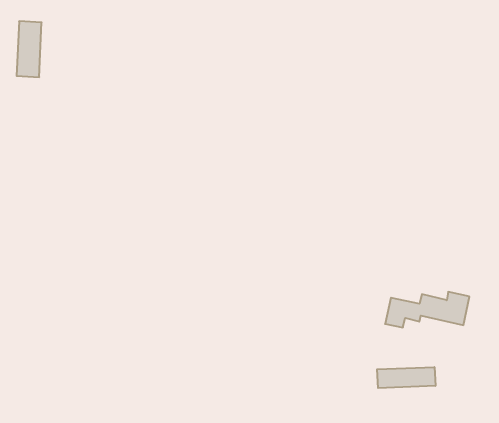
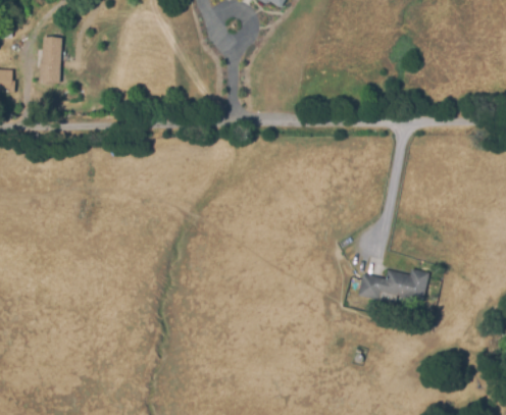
building: [377,367,435,388] -> none

